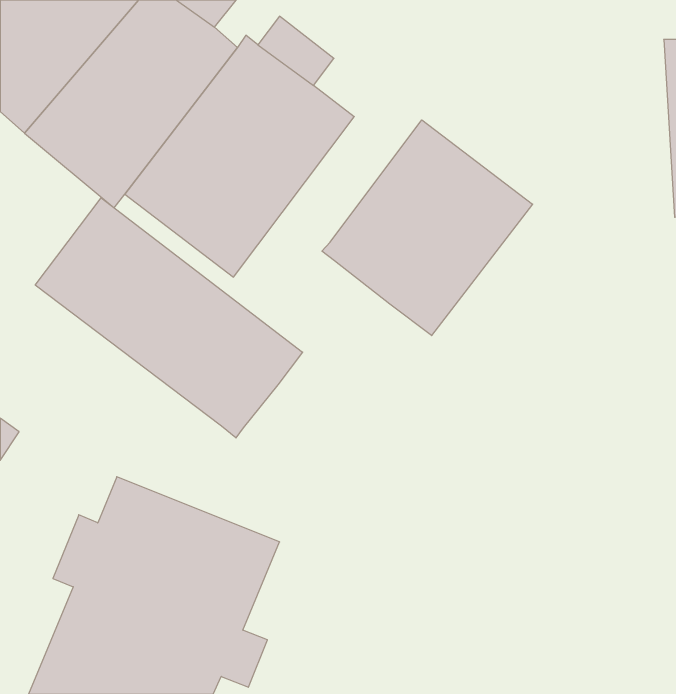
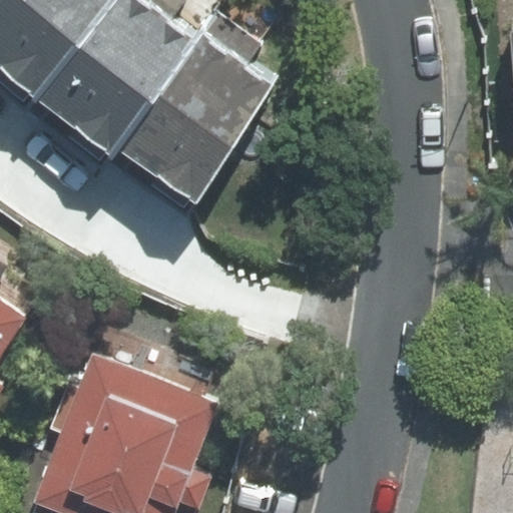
building: [322,120,533,336] -> none
building: [35,198,303,438] -> none

